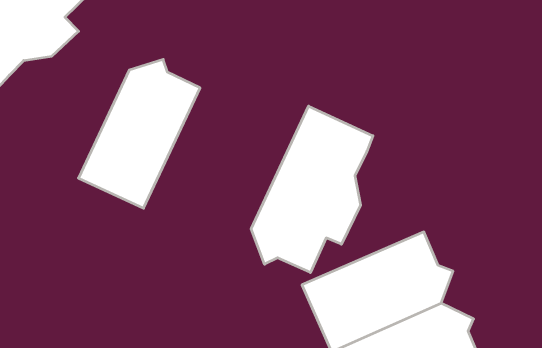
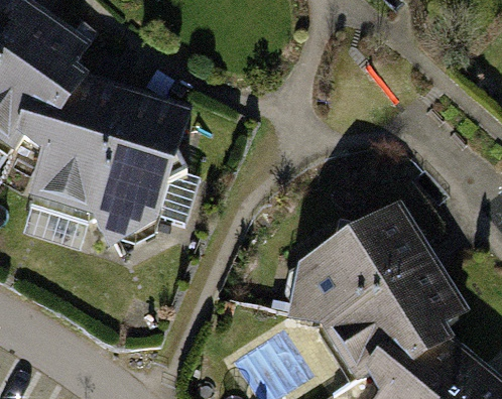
building: none -> [19,88,119,211]
building: [251,106,373,273] -> none

